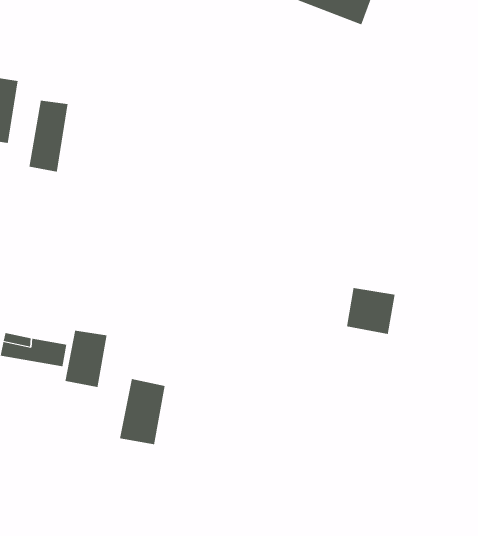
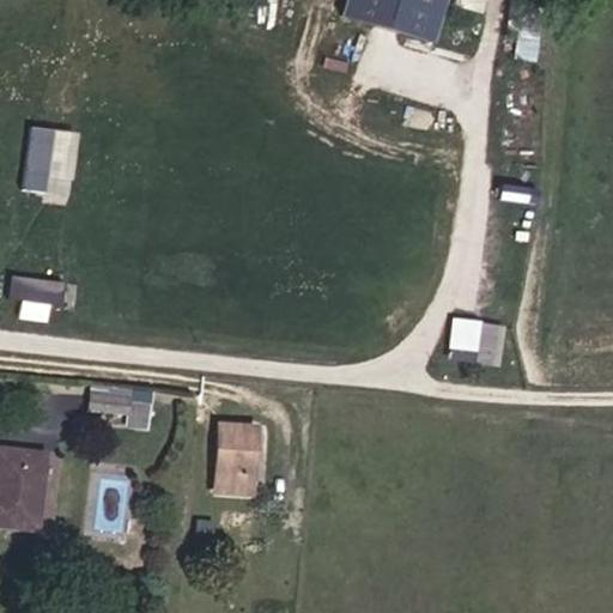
building: [29,100,68,172] -> none
building: [65,330,107,388] -> none

